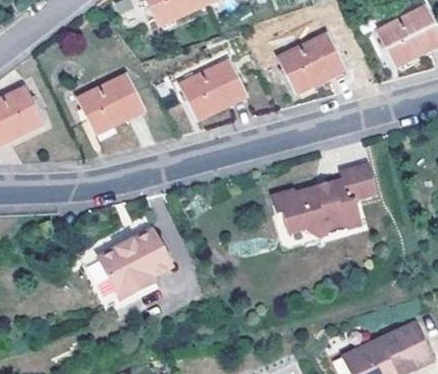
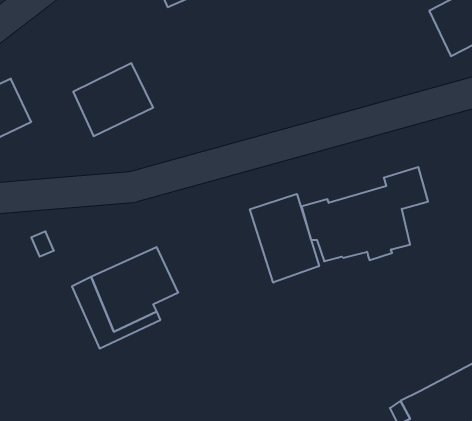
building: [278,31,345,92] -> none
building: [179,58,247,119] -> none
building: none -> [250,194,319,283]

